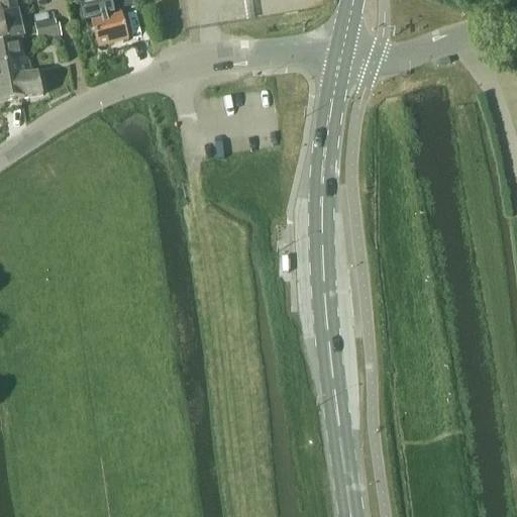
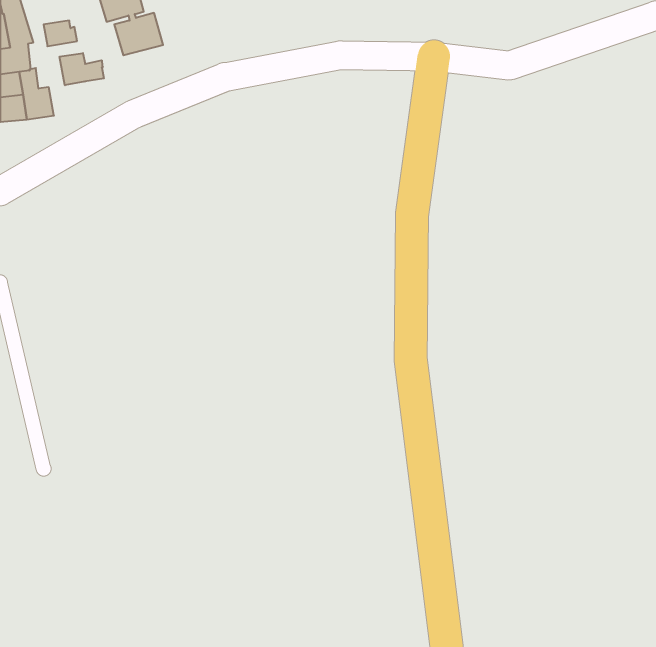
building: none -> [60,53,104,85]

